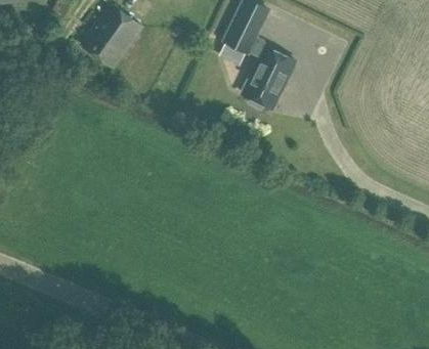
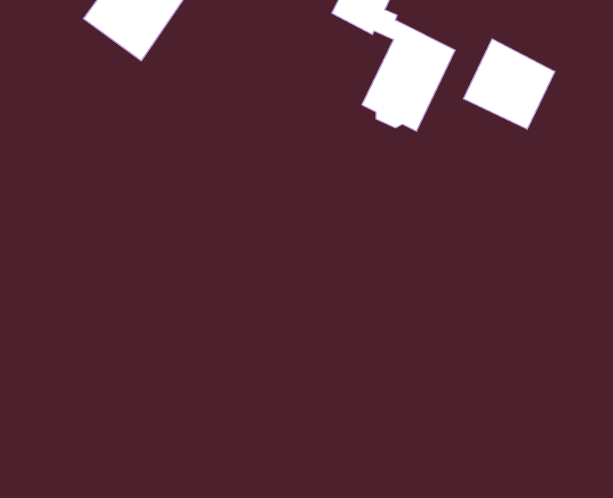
building: none -> [464,39,555,129]

